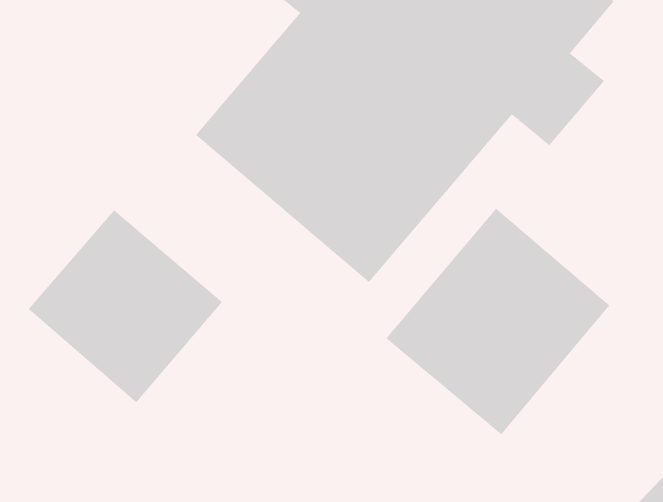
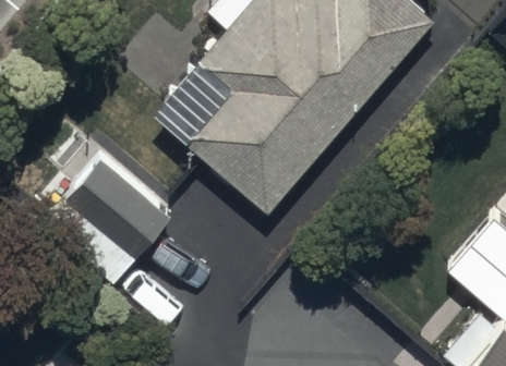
building: [385,208,610,435] -> none

